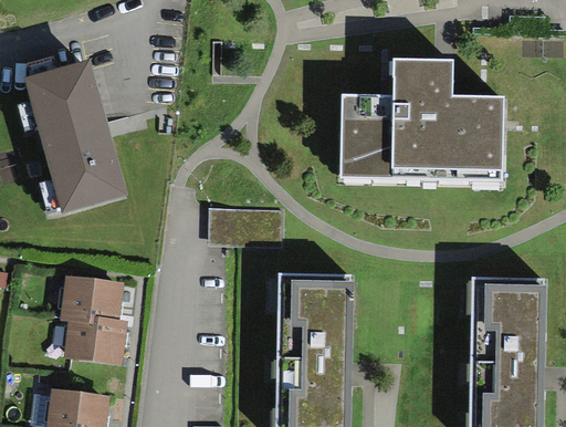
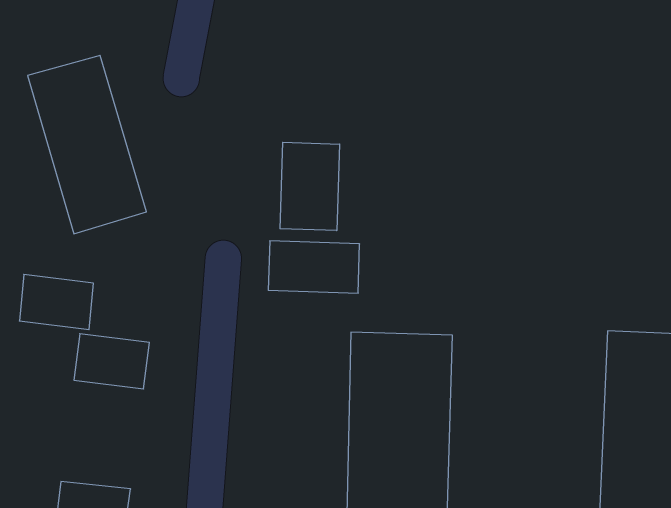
building: [342,61,503,177] -> none
building: none -> [280,142,340,231]
building: [65,312,122,354] -> [19,274,93,330]

